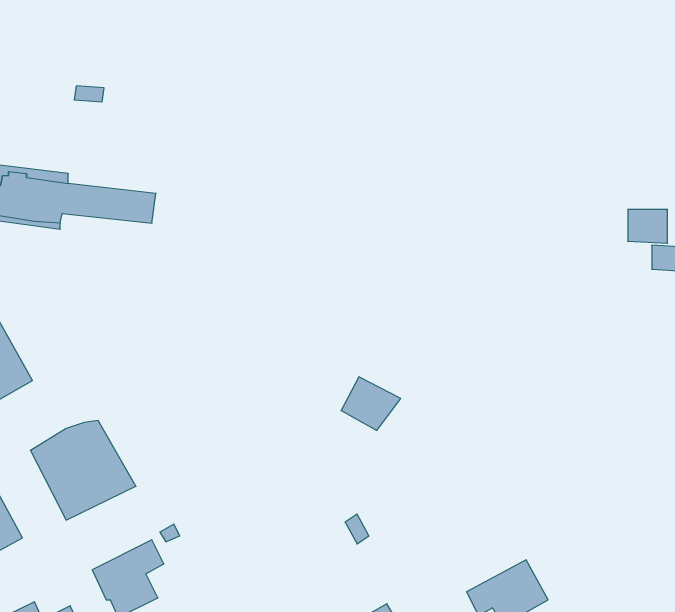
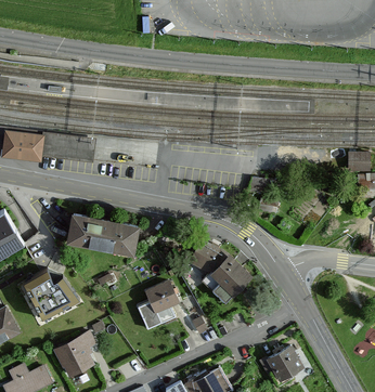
building: none -> [68,215,138,254]
building: none -> [203,256,250,304]
building: none -> [138,283,179,330]

